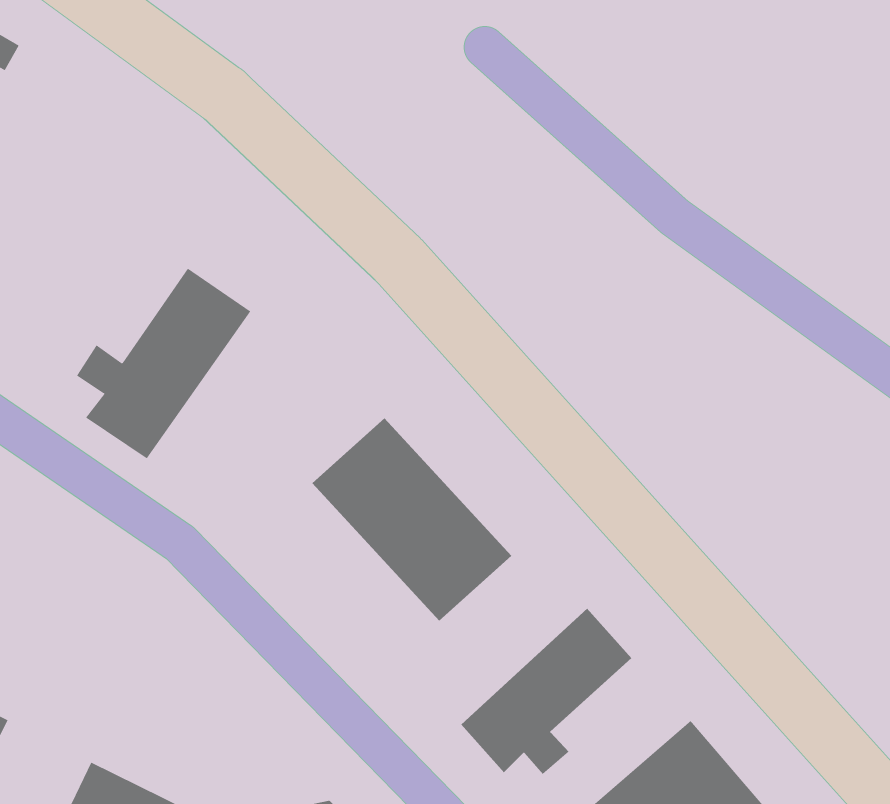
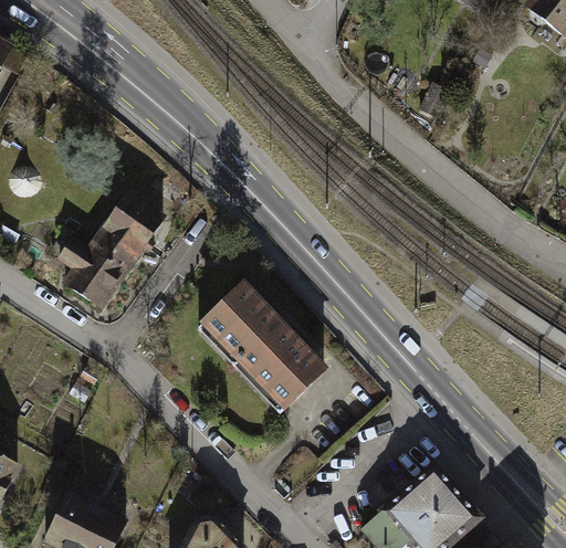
building: [460,608,632,775] -> none

